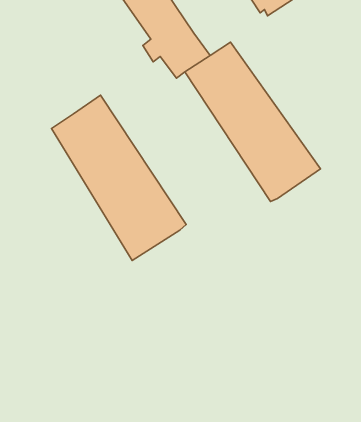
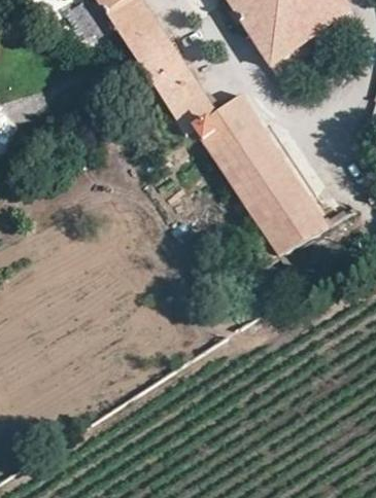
building: [51,95,186,260] -> none

